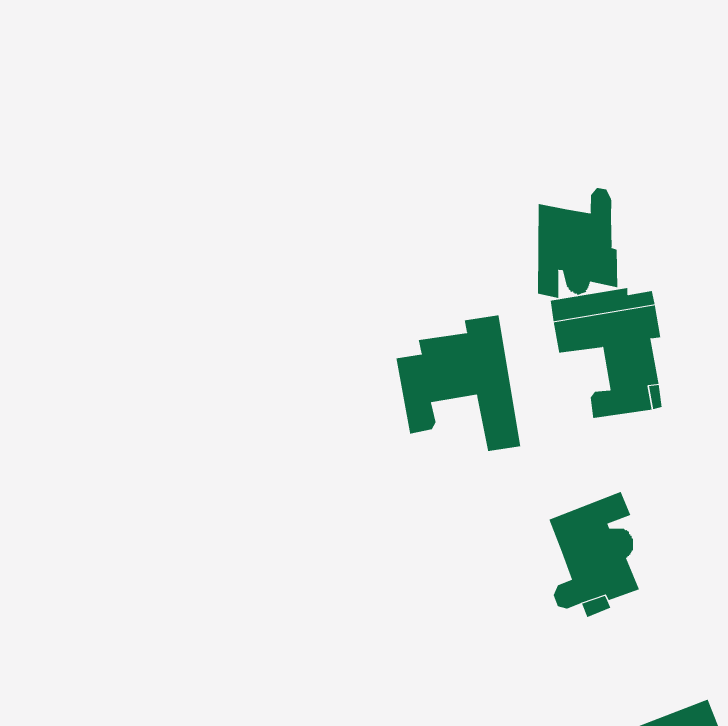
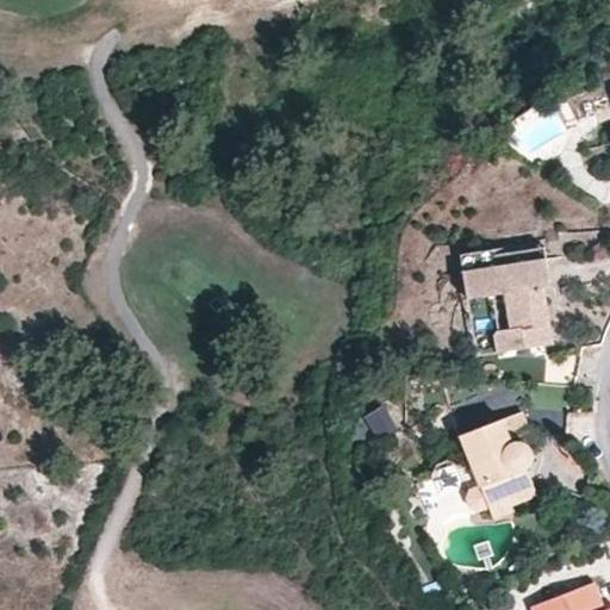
building: [538,187,618,299] -> none
building: [396,314,521,452] -> none

